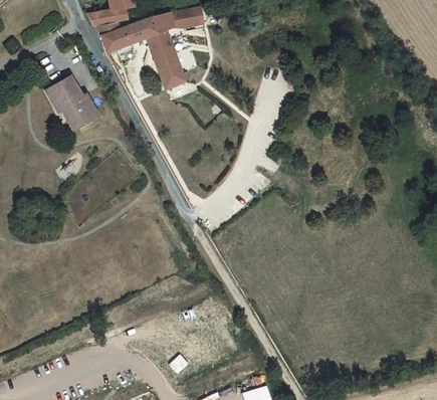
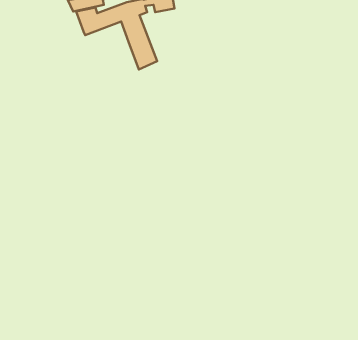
building: [45,75,98,132] -> none

